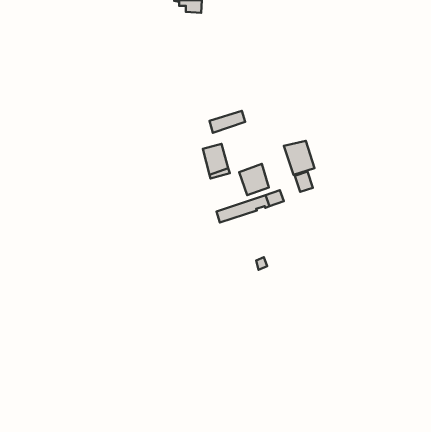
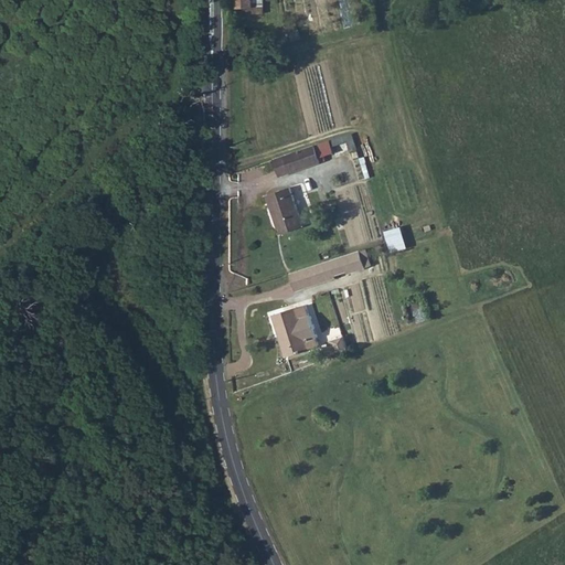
building: [284,141,315,175] -> none
building: [239,164,269,195] -> none
building: none -> [273,305,319,358]

